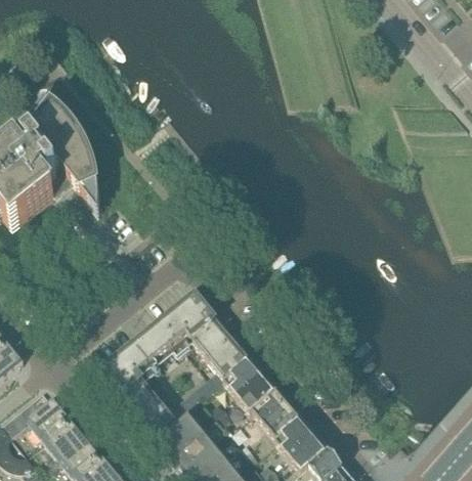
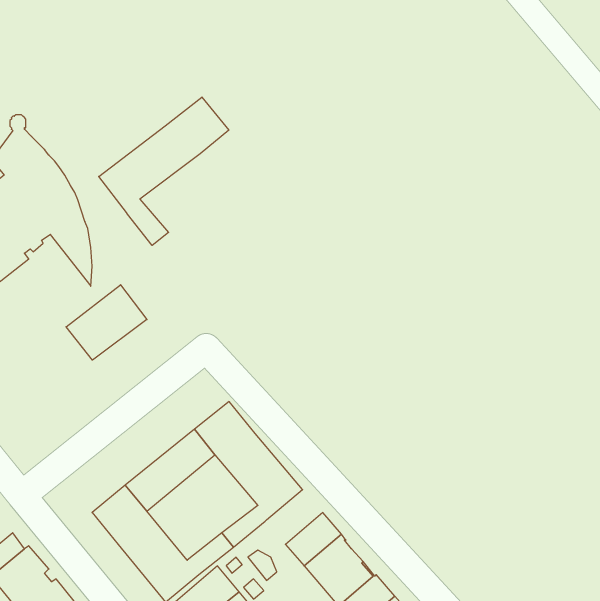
building: none -> [99,97,229,245]
building: none -> [66,285,147,360]
building: [222,359,263,398] -> none

